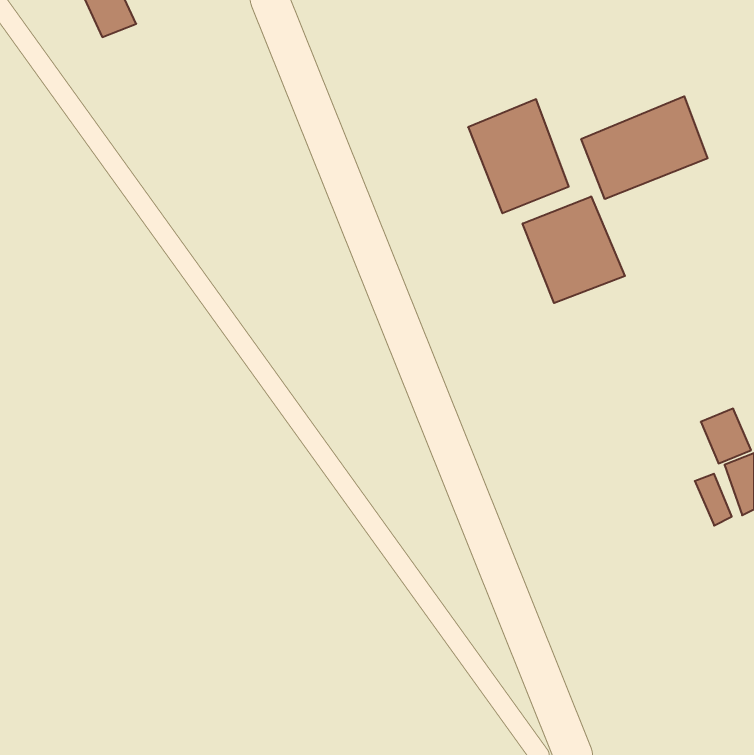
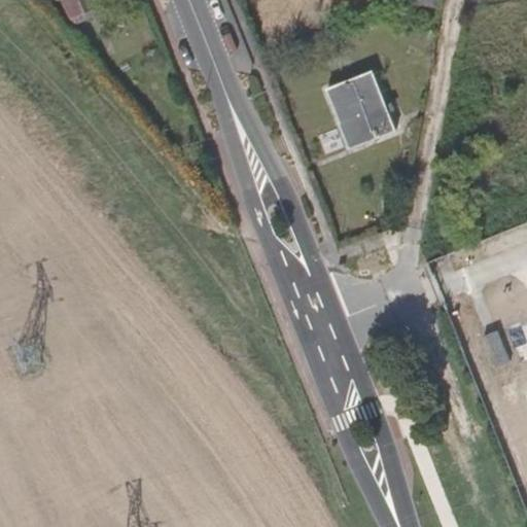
building: [581,96,708,199] -> none
building: [523,196,625,303] -> none

